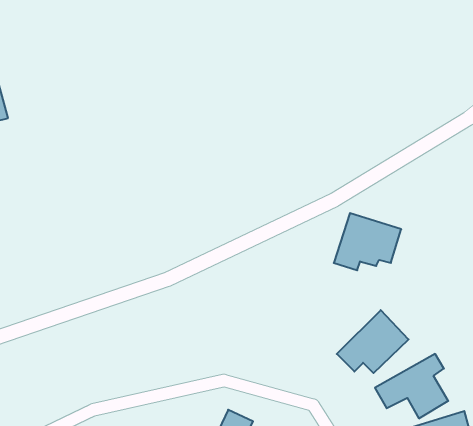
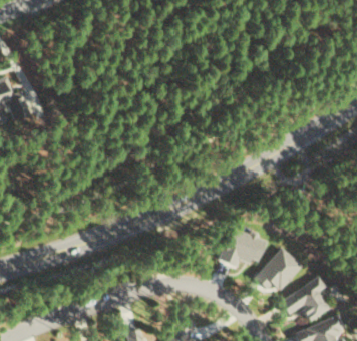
building: [334,213,401,270] -> [221,227,267,266]

